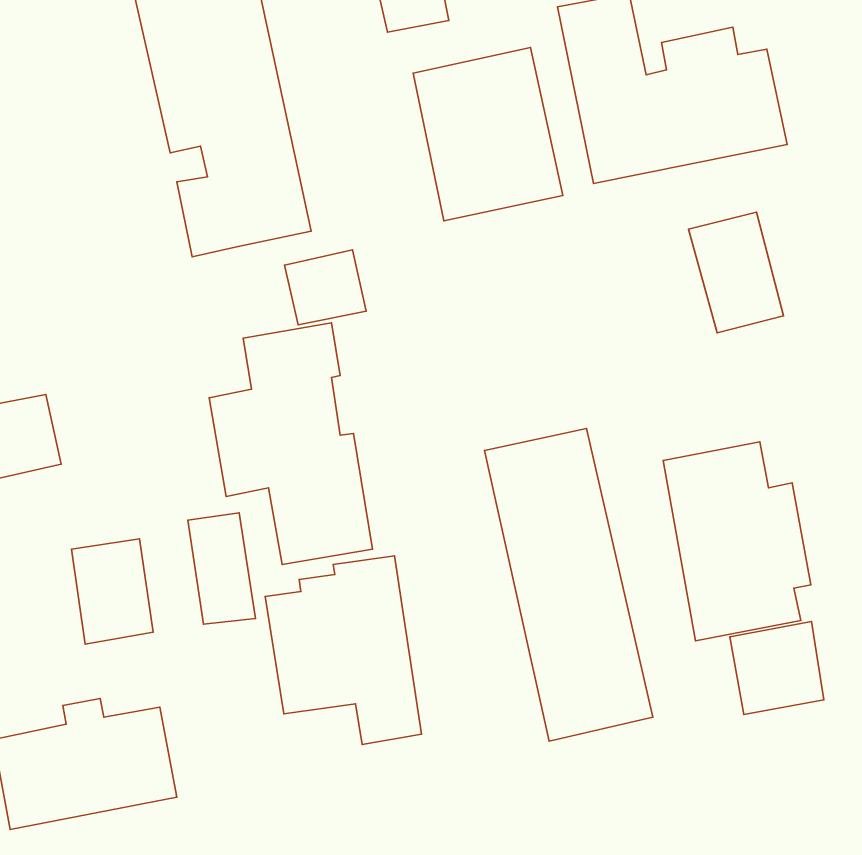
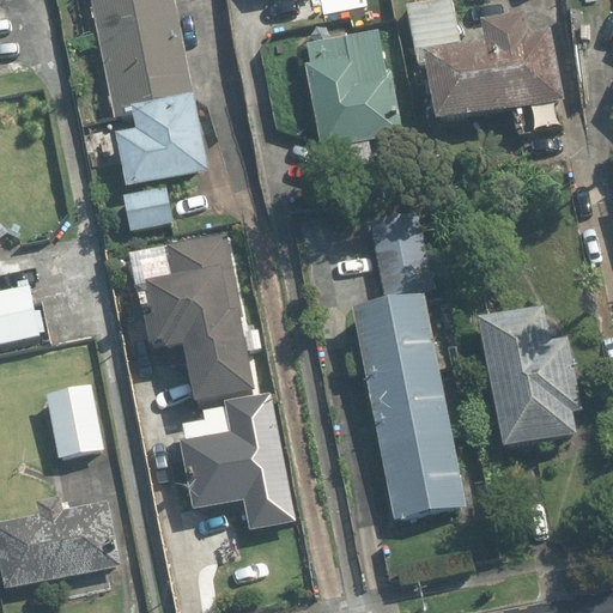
building: [688,212,784,333] -> [362,208,429,293]
building: [285,250,366,325] -> [120,174,177,226]
building: [188,513,256,624] -> none
building: [730,622,824,714] -> none

